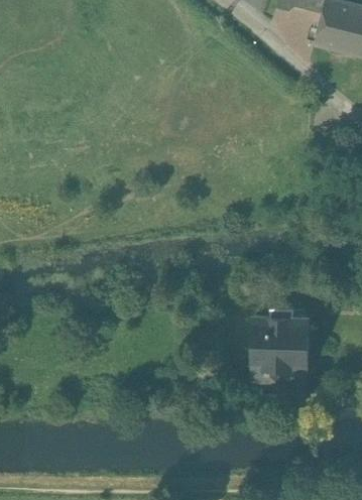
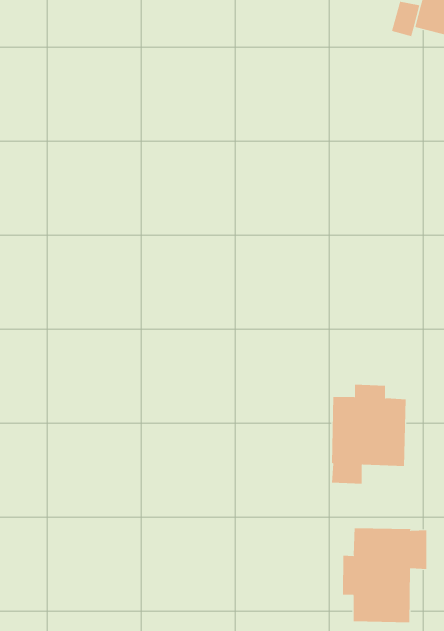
building: none -> [343,527,427,623]

